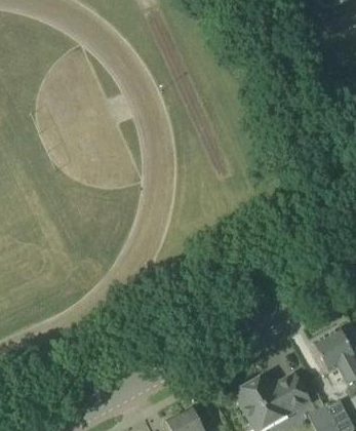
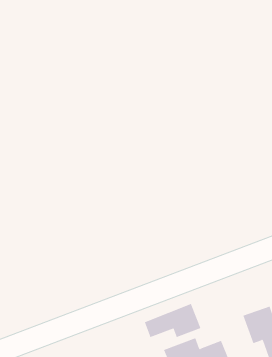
building: none -> [144,303,201,338]

